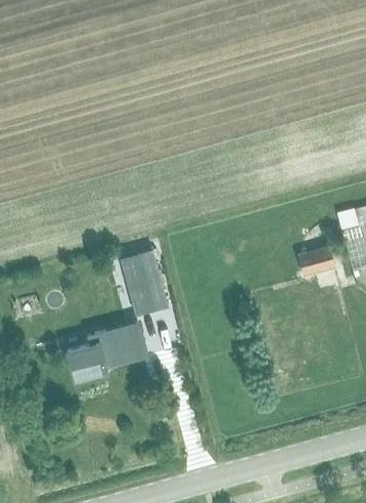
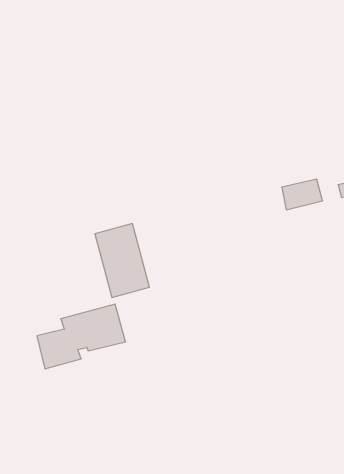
building: [300,248,336,276] -> [282,179,323,210]

